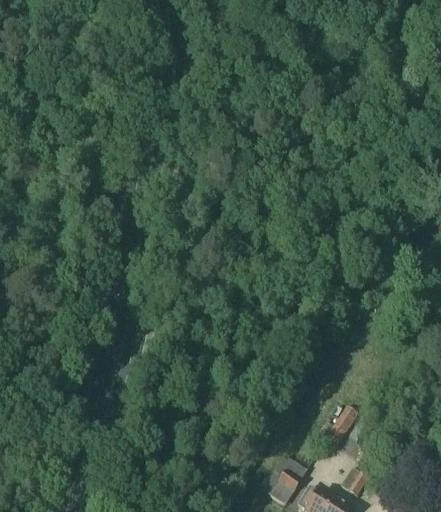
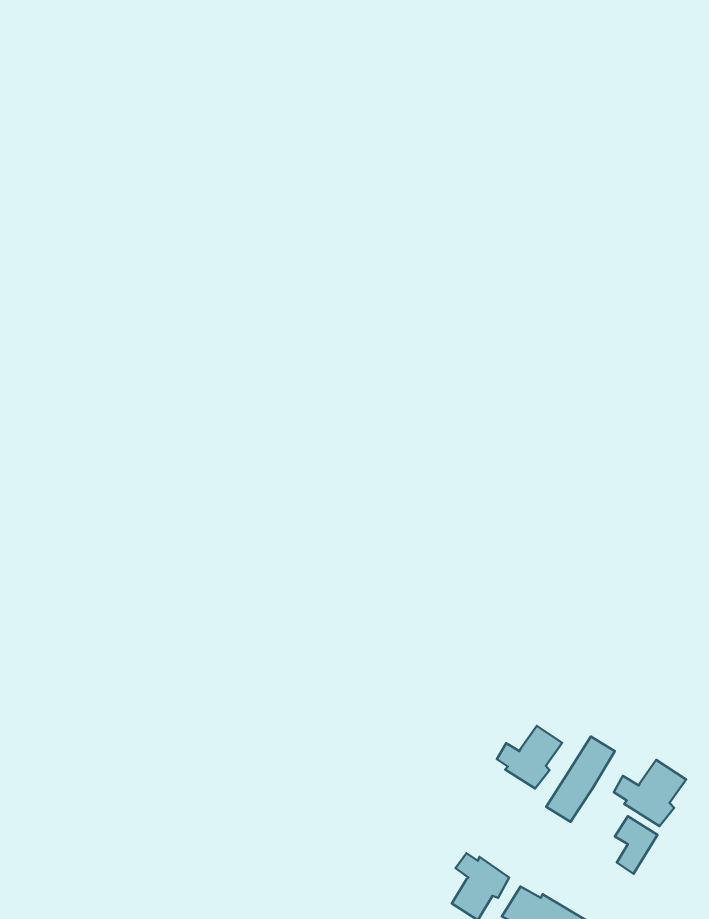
building: none -> [497,726,562,788]
building: none -> [614,760,686,826]

